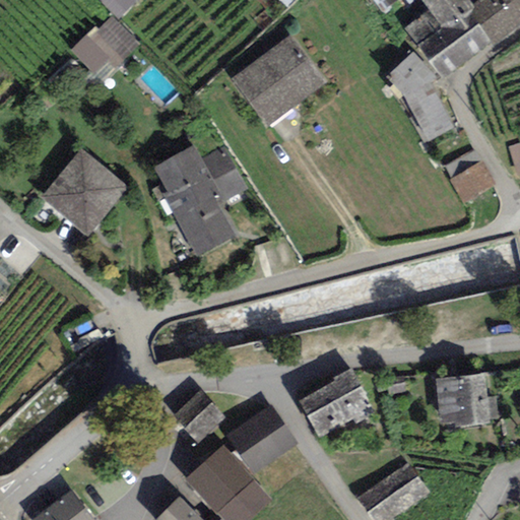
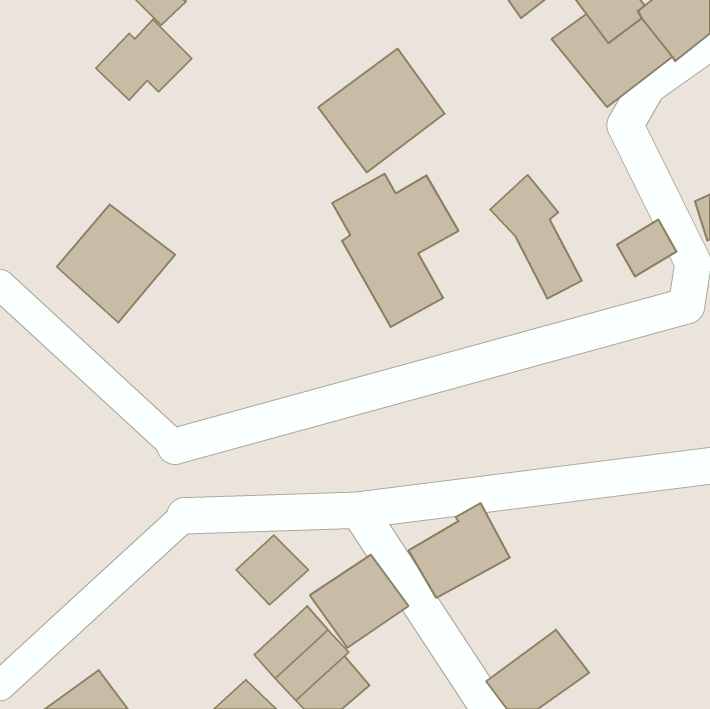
building: [386,51,453,141] -> [490,175,582,299]
building: [154,146,247,258] -> [332,174,458,327]
building: [435,373,498,427] -> none

